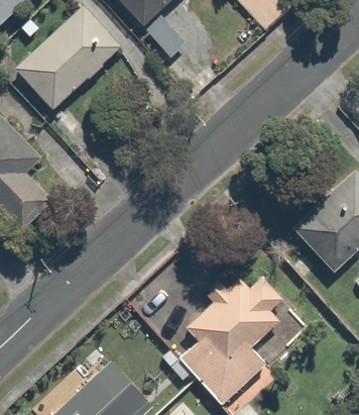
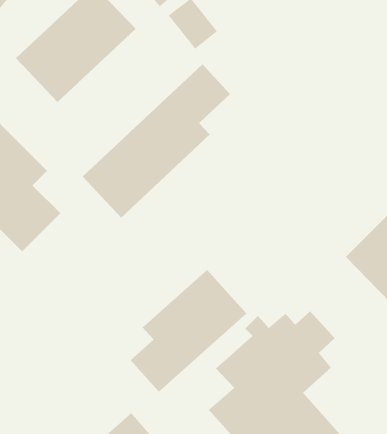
building: none -> [82,64,231,218]
building: none -> [130,269,247,392]

